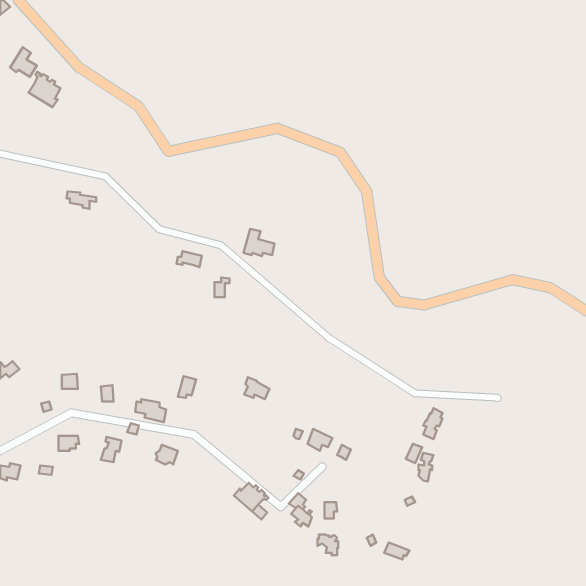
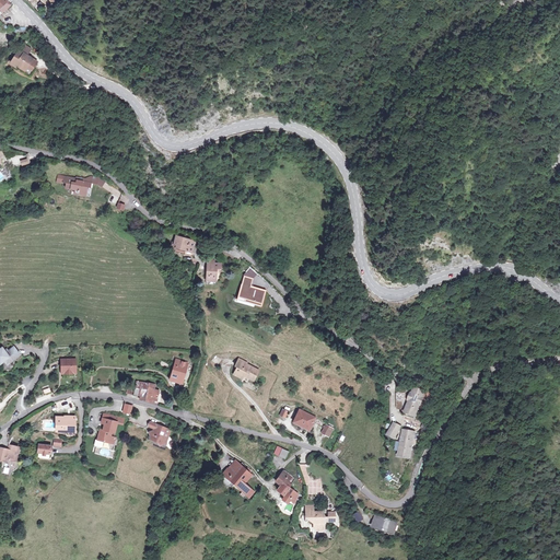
building: [29,72,60,107] -> none
building: [243,229,274,256] -> [235,277,265,303]

